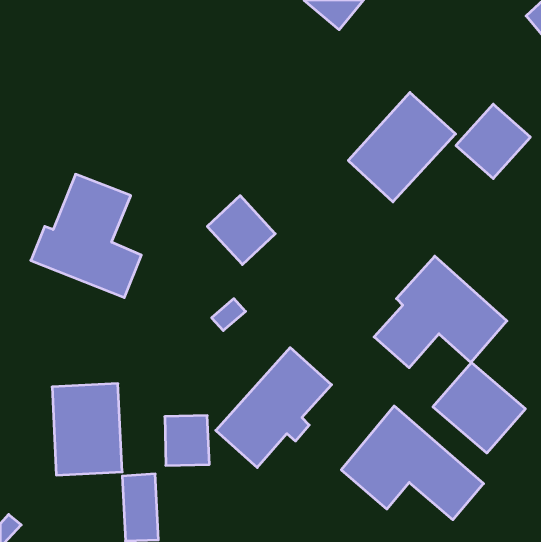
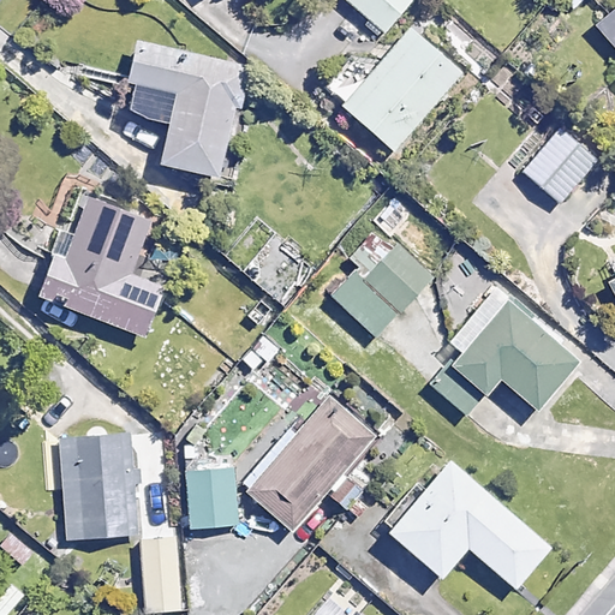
building: none -> [129,44,251,178]
building: [348,92,456,202] -> [341,29,462,153]
building: none -> [330,246,431,339]
building: [433,363,525,453] -> none

